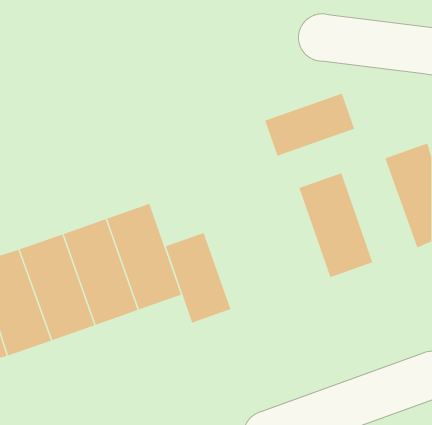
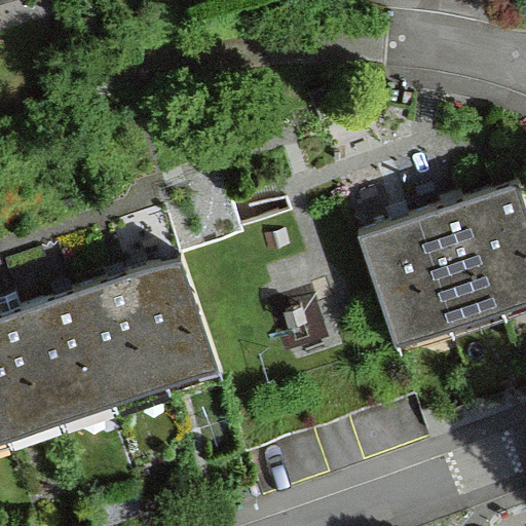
building: [264,93,355,156] -> none
building: none -> [413,202,503,329]
building: [165,232,231,324] -> none

